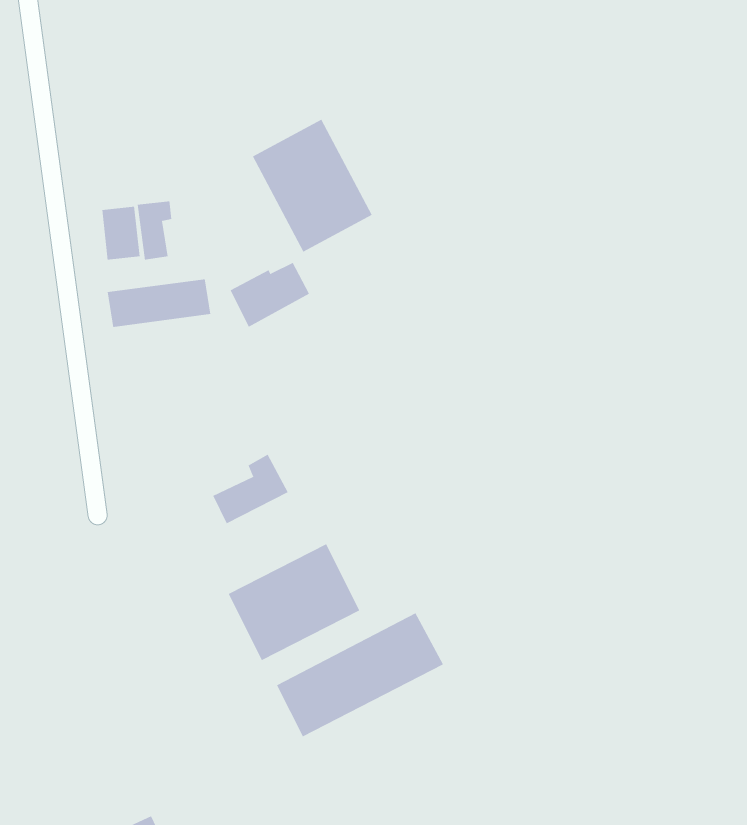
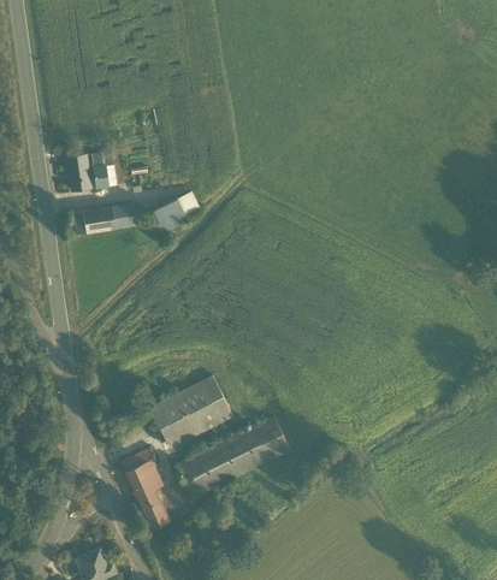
building: [252,119,372,253] -> none
building: [213,454,289,524] -> none
building: none -> [122,450,172,529]

